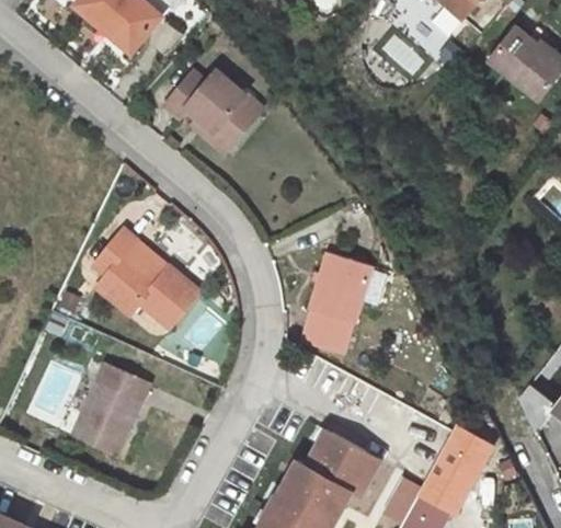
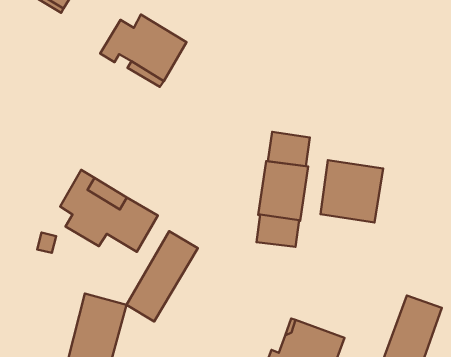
building: none -> [268,132,310,166]
building: none -> [321,160,383,222]
building: none -> [127,231,198,322]

